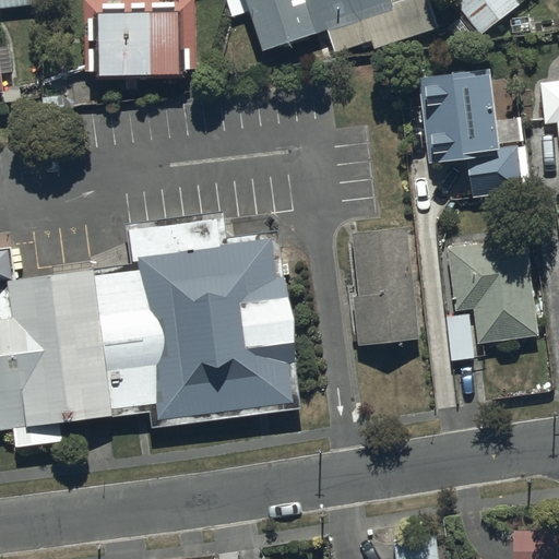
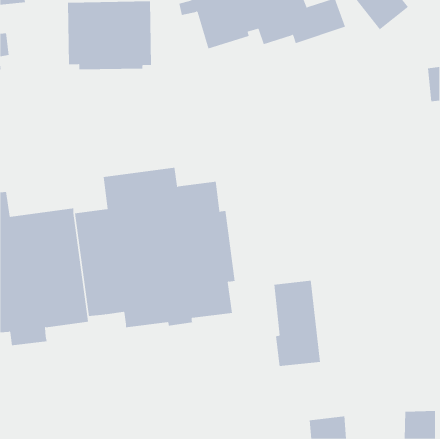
building: [419,76,531,202] -> none
building: [354,226,414,335] -> [274,280,321,366]
building: [443,246,537,366] -> none

